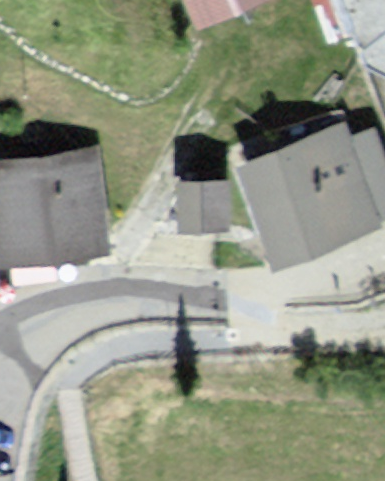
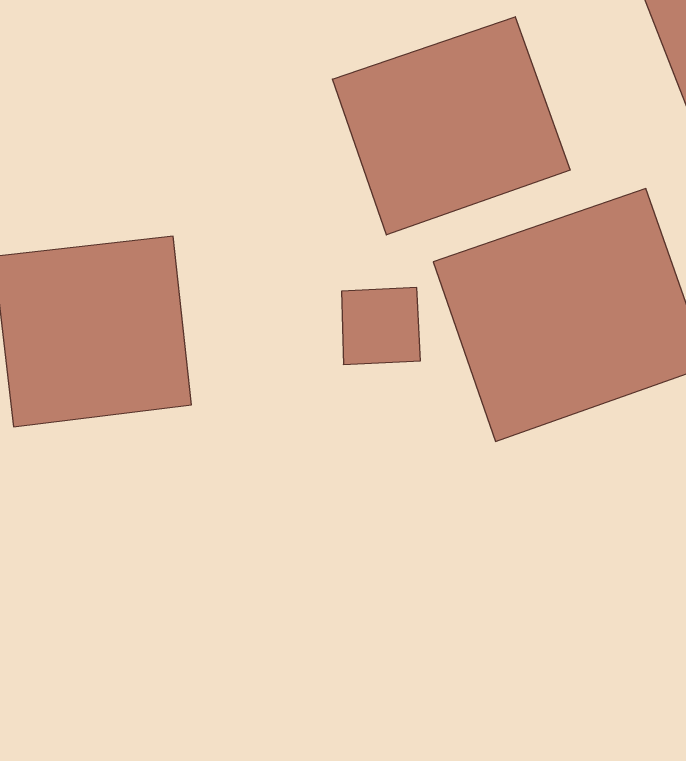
building: none -> [332,17,570,235]

